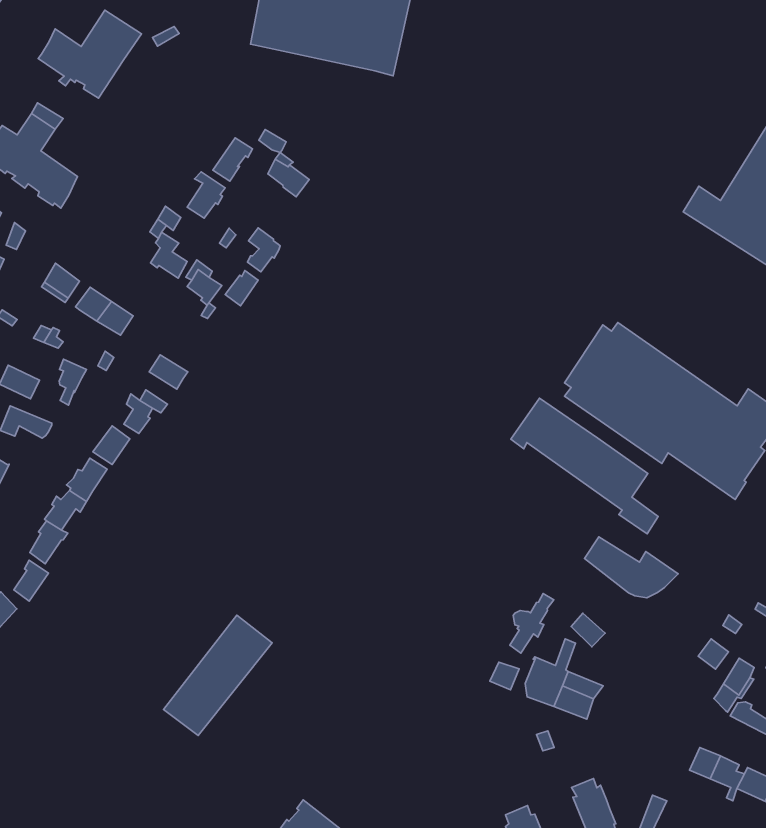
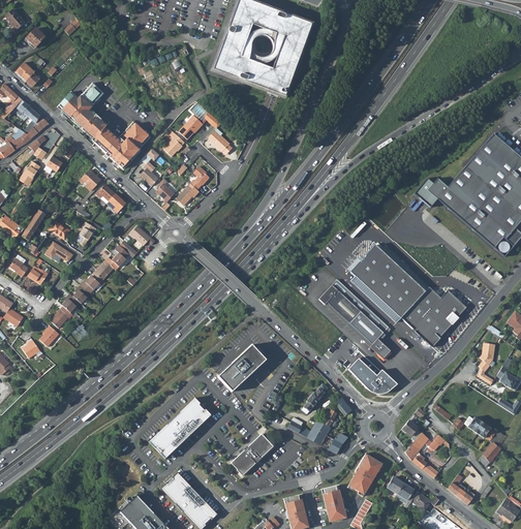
building: [38,10,141,98] -> [94,122,151,168]
building: none -> [217,345,266,393]
building: [163,615,272,735] -> [148,398,211,459]
building: none -> [231,434,273,476]
building: none -> [348,456,380,495]

